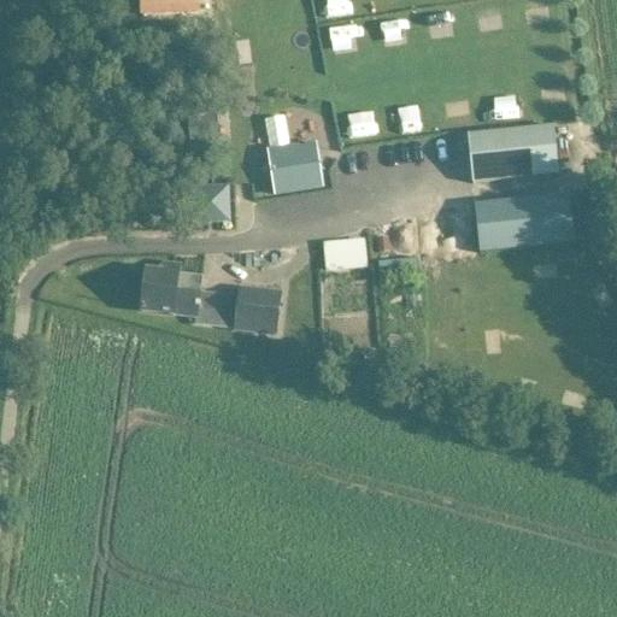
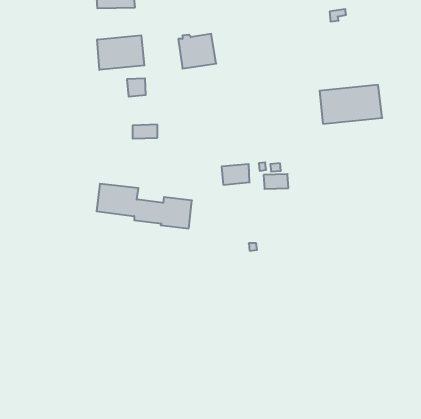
building: none -> [97,35,144,70]
building: [268,141,323,192] -> [178,34,216,69]
building: [475,190,575,248] -> none

